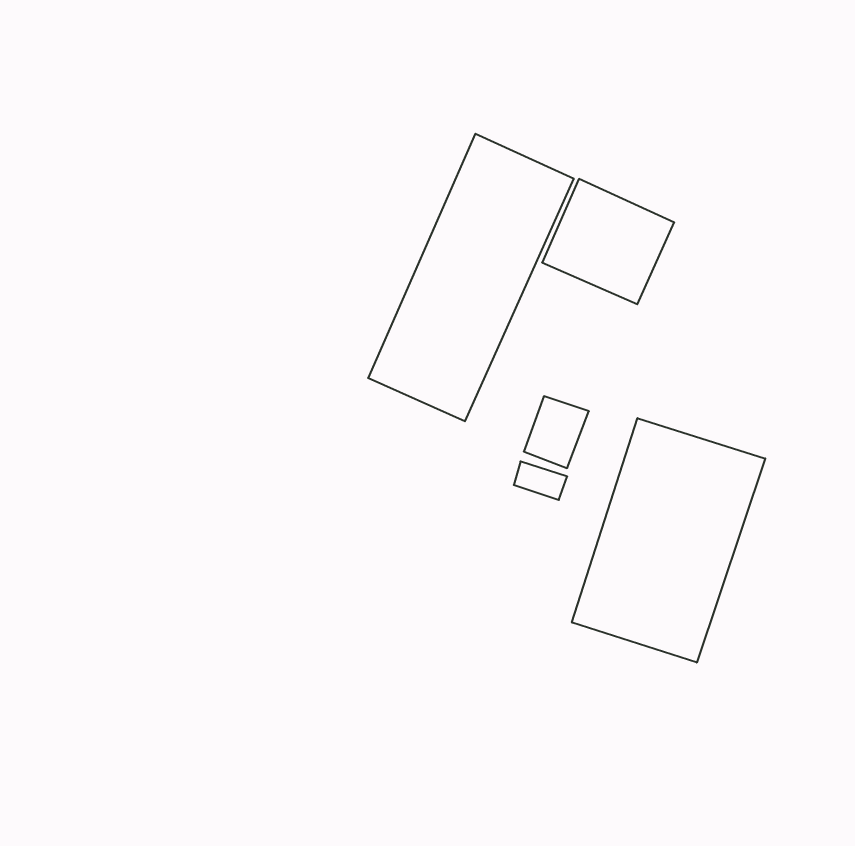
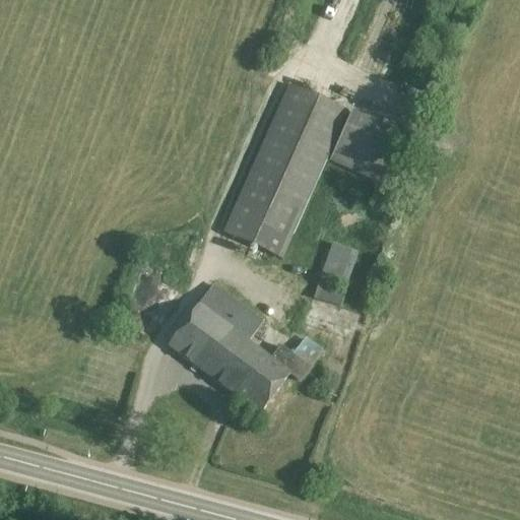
building: [572,418,765,663] -> none
building: none -> [169,281,323,411]

